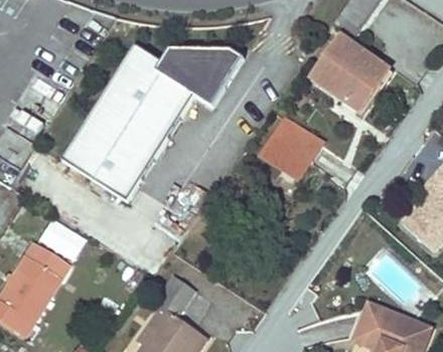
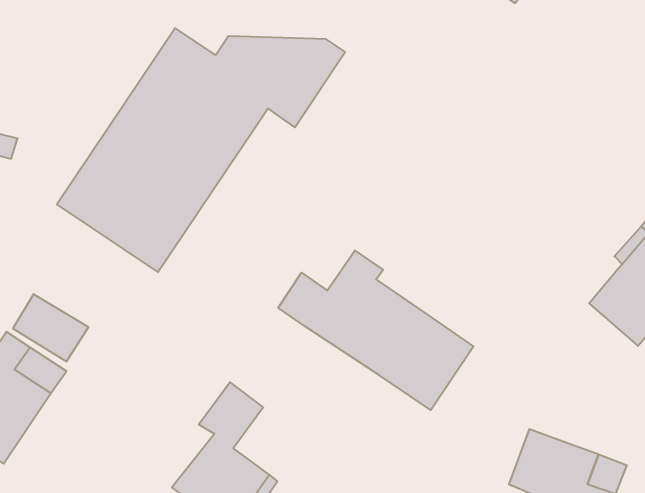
building: [313,35,389,110] -> none
building: [261,117,322,178] -> none
building: none -> [278,250,473,410]

